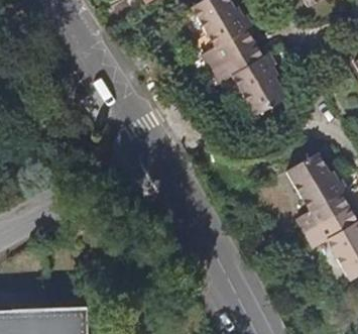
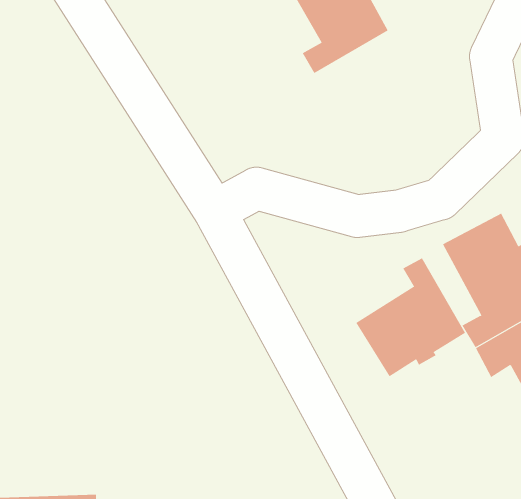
building: [213,45,287,119] -> none
building: none -> [355,258,466,377]

